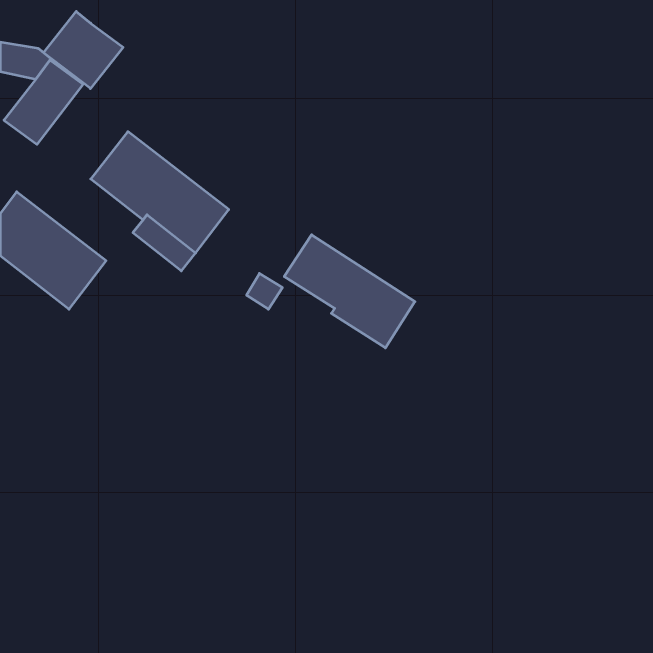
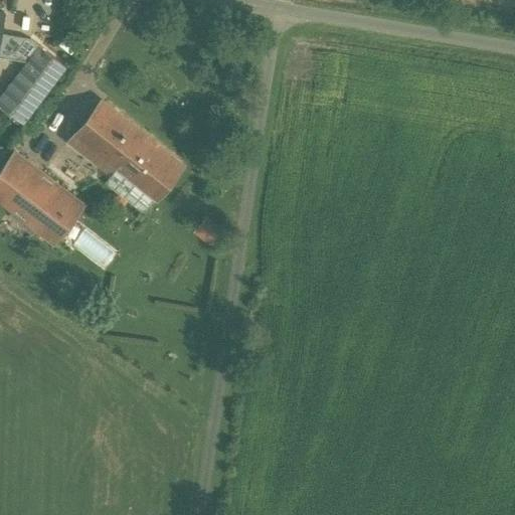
building: [44,11,123,89] -> none
building: [284,235,415,348] -> none

